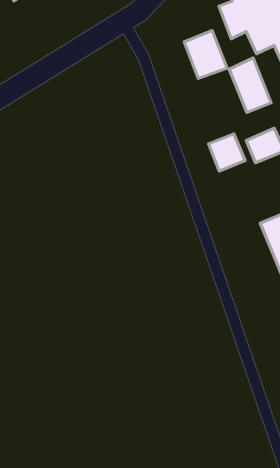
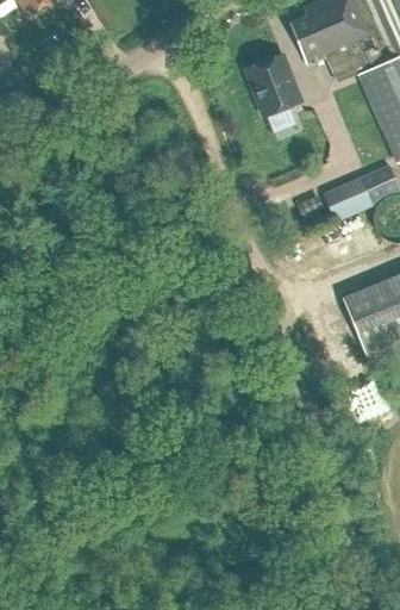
building: [229,58,271,113] -> none
building: [209,134,245,171] -> none

